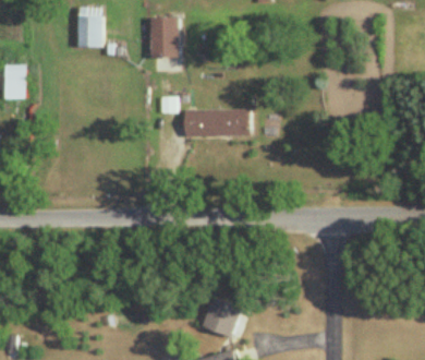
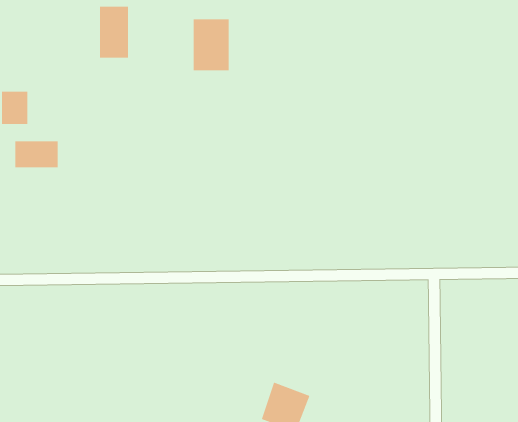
building: [183,110,248,136] -> none
building: none -> [14,141,58,168]

